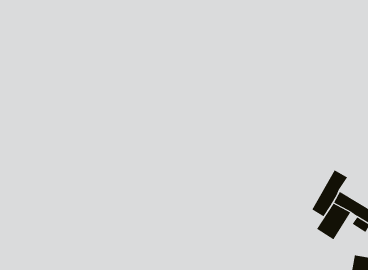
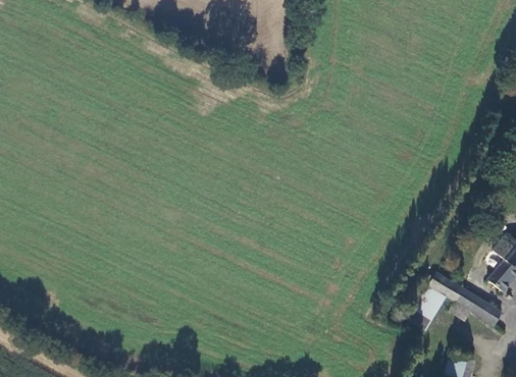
building: [312,169,348,217] -> none

